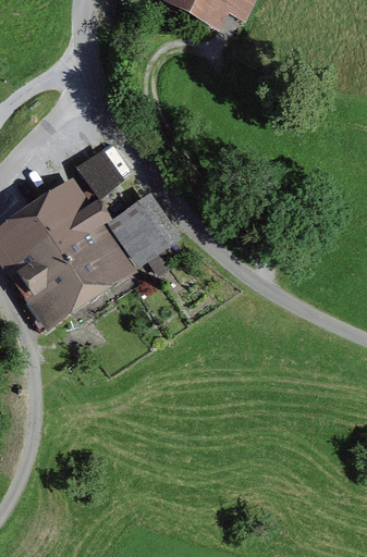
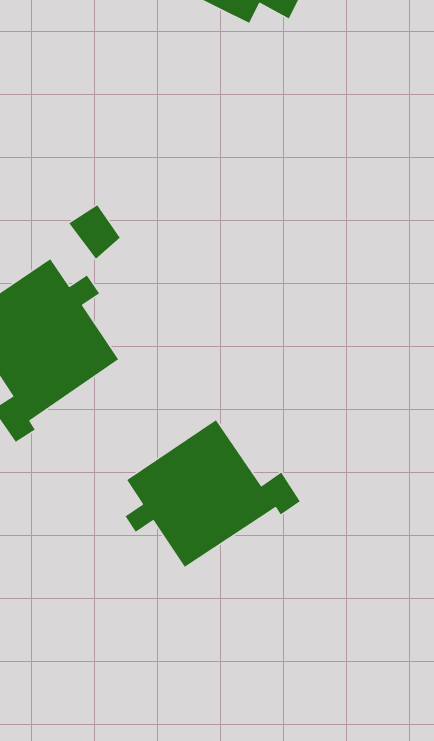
building: [114,206,179,272] -> none
building: none -> [125,419,301,568]

